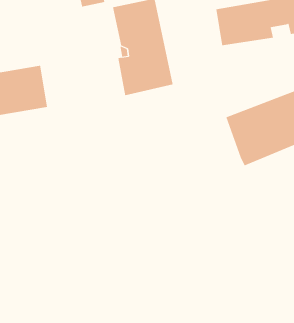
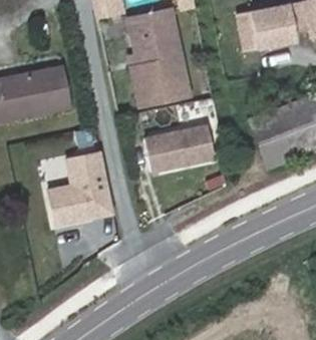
building: none -> [144,119,214,166]
building: none -> [47,148,112,222]

